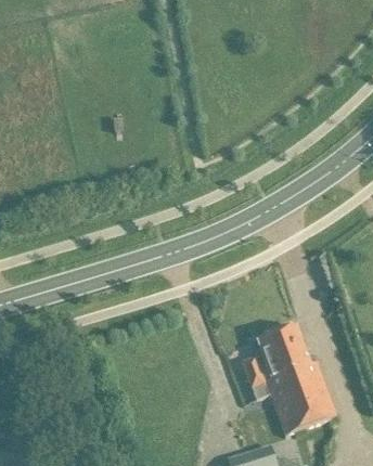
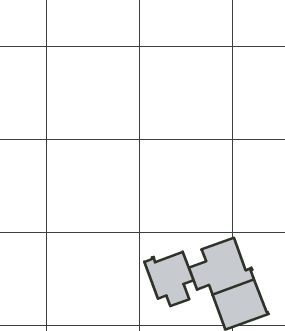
building: none -> [144,252,194,306]

